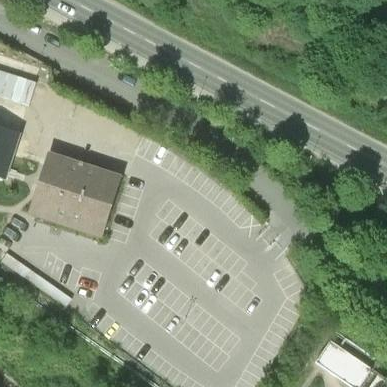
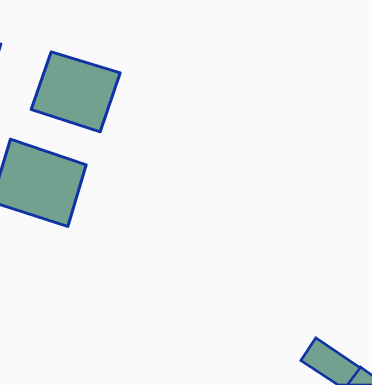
building: none -> [31,52,120,132]

